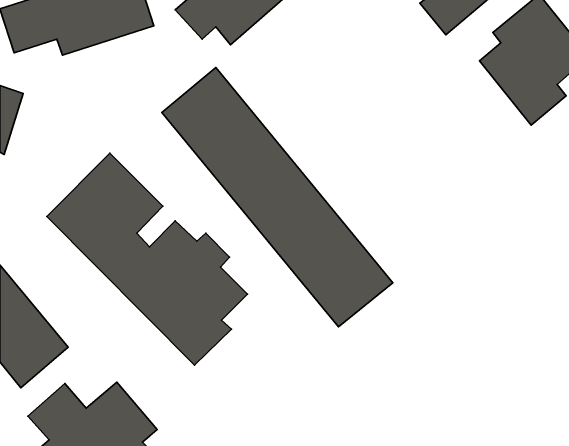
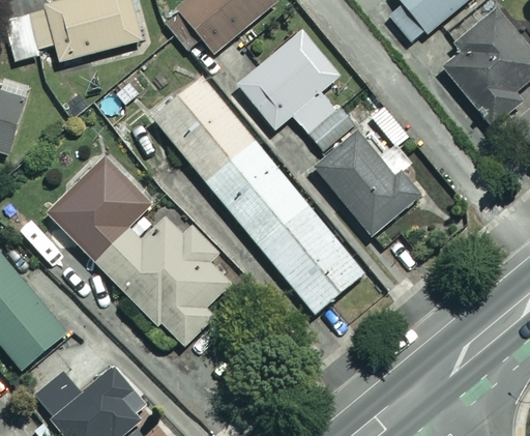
building: none -> [236,29,421,237]

